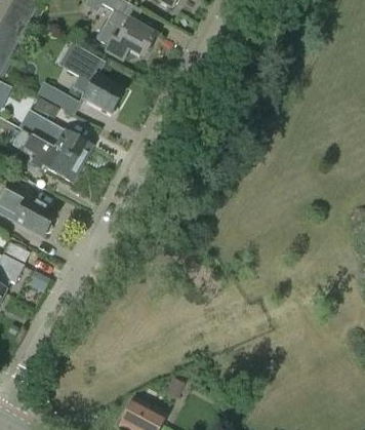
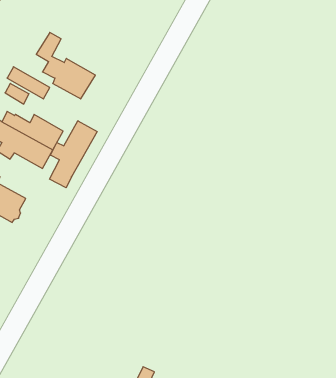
building: [96,19,156,60] -> none
building: none -> [50,121,97,188]

